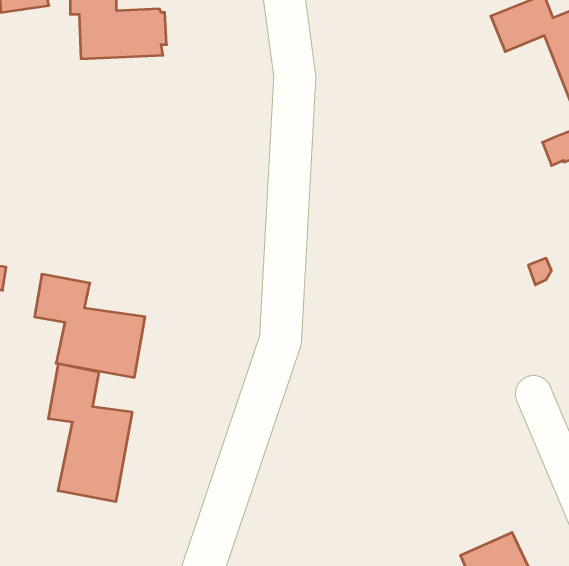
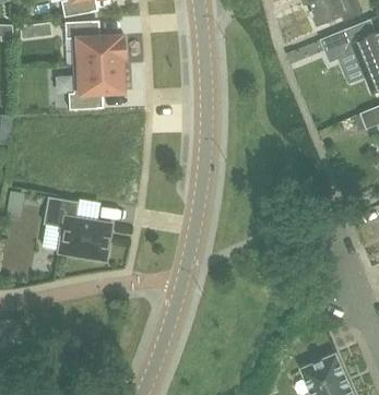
building: none -> [68,63,122,109]
building: [48,364,132,502] -> none

